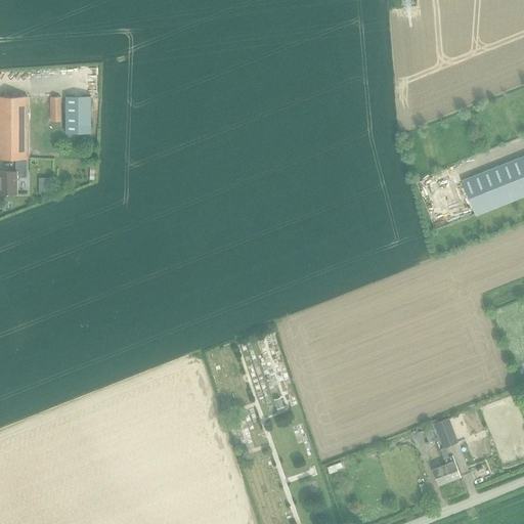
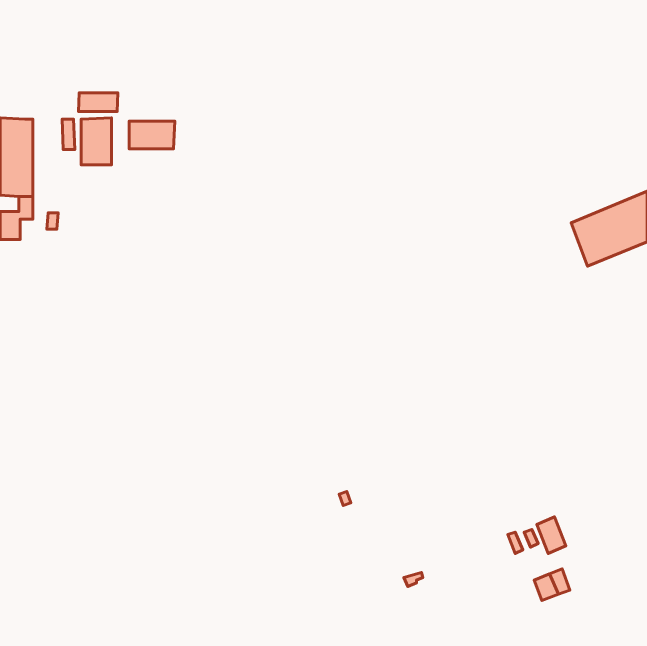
building: none -> [79,93,118,112]
building: none -> [129,121,175,149]

